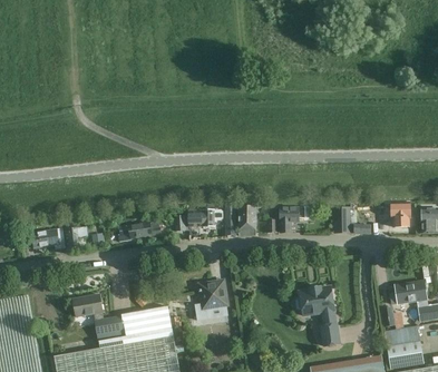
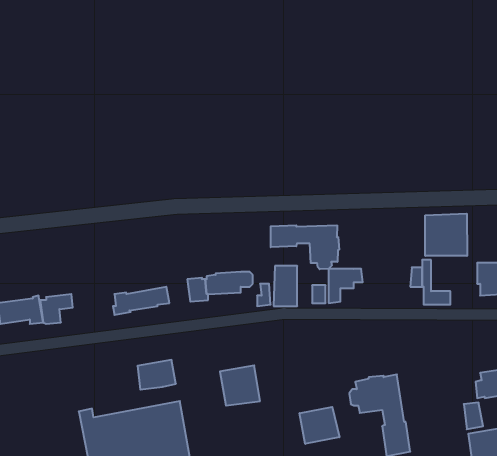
building: none -> [425,214,467,256]
building: none -> [271,225,339,269]
building: [72,295,101,317] -> [137,360,176,390]
building: none -> [300,407,339,444]

